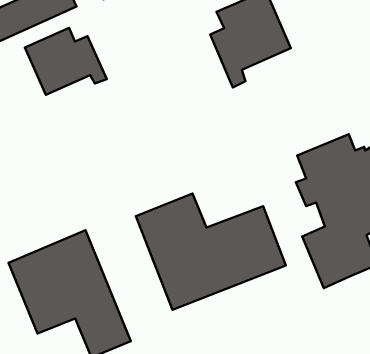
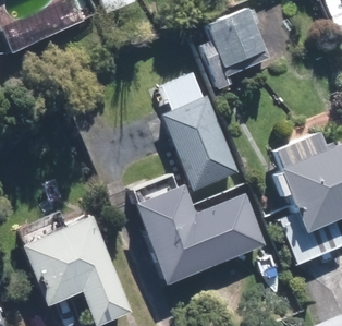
building: [25,28,107,95] -> none
building: none -> [161,95,237,191]

